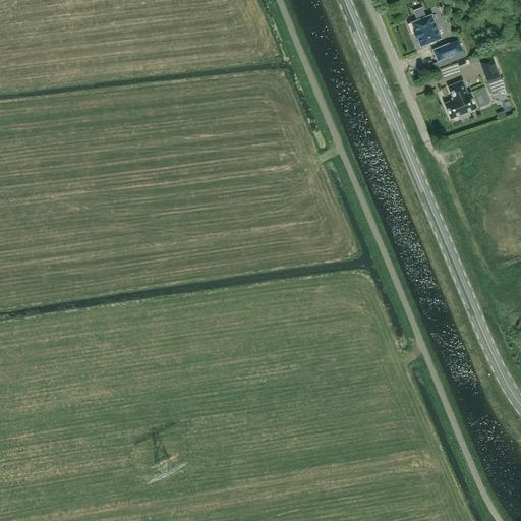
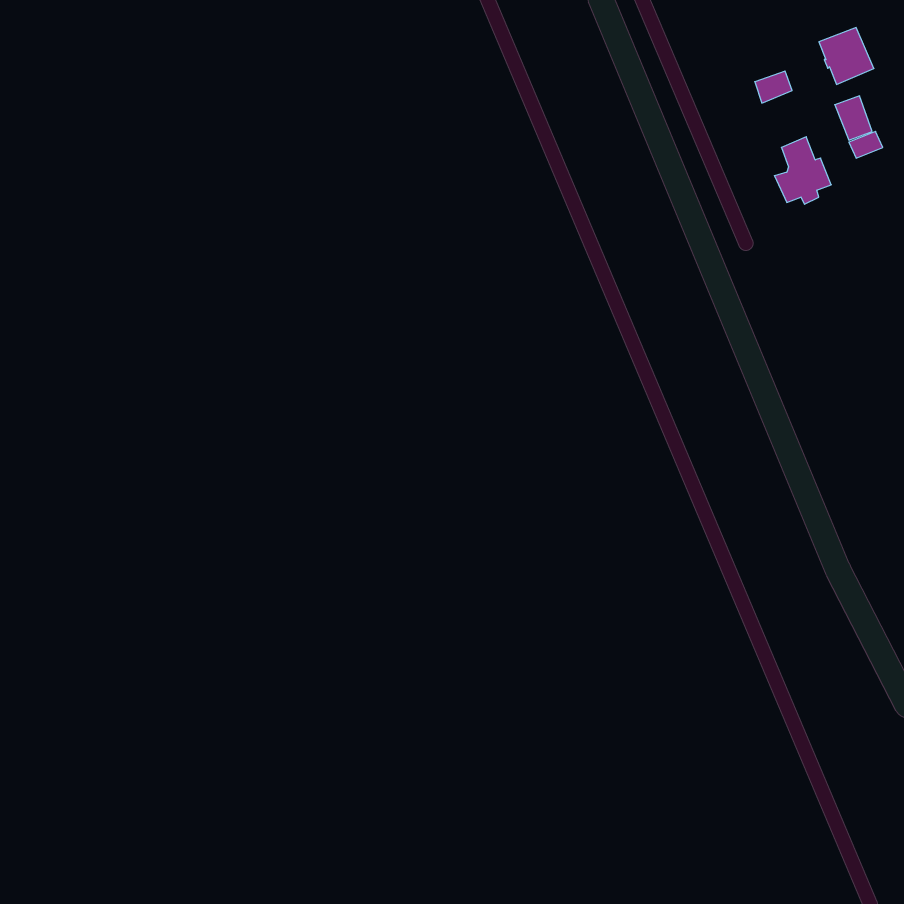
building: [412,12,444,45] -> [819,28,874,84]

